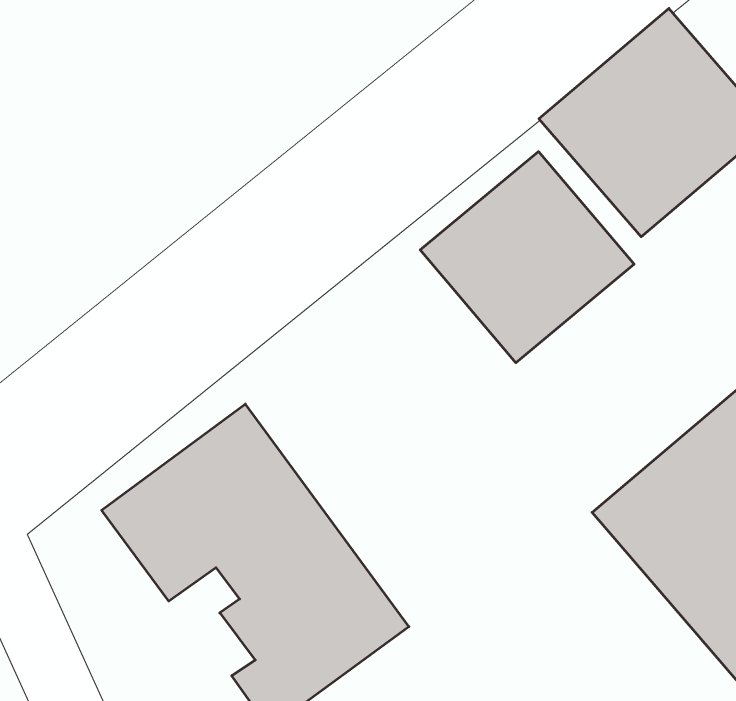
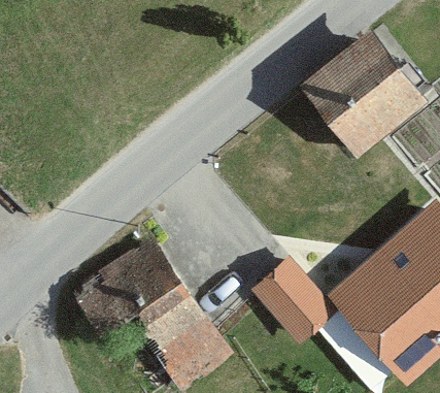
building: [420,152,634,363] -> none
building: none -> [248,256,333,340]

